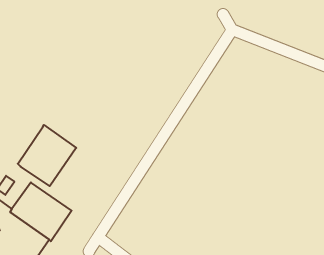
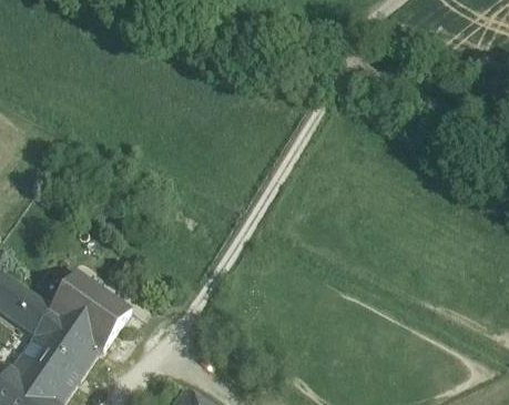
building: [18,125,76,186] -> none

